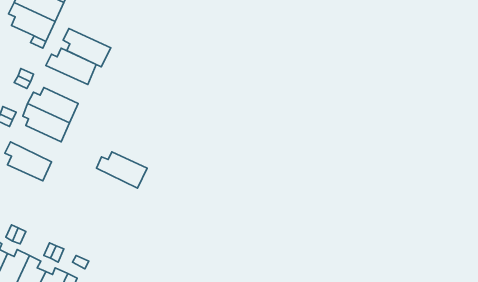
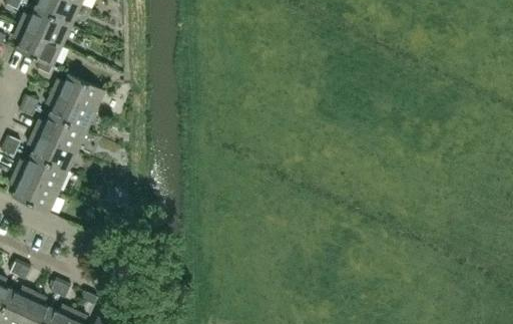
building: [63,29,111,67] -> [46,91,96,131]
building: [97,152,147,188] -> [15,154,68,193]

